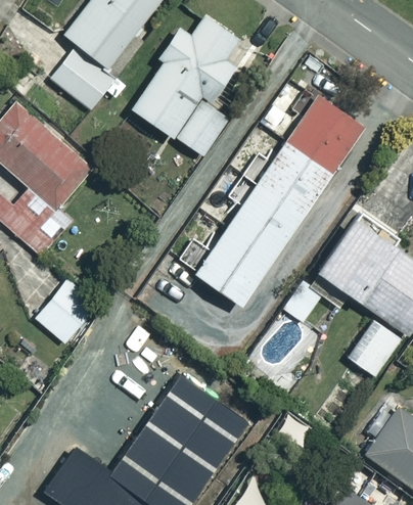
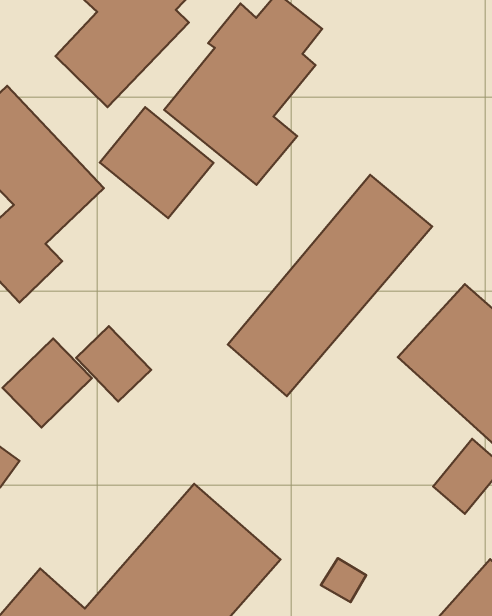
building: [284,94,365,174] -> none
building: none -> [100,107,213,218]
building: none -> [76,326,151,401]

